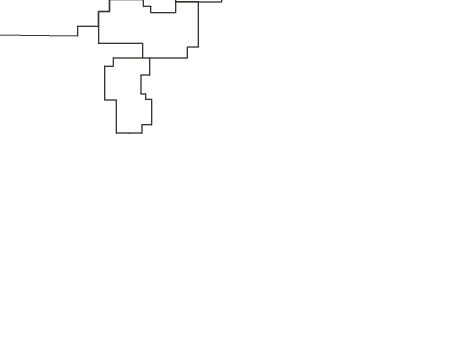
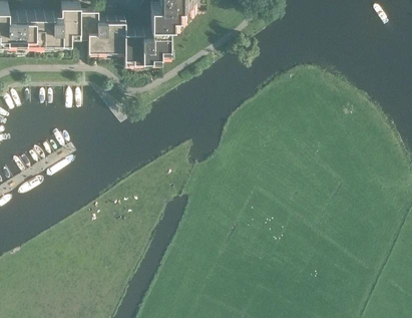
building: [105,58,151,133] -> none

